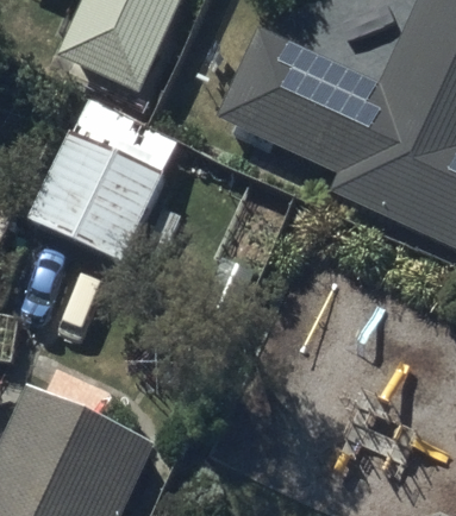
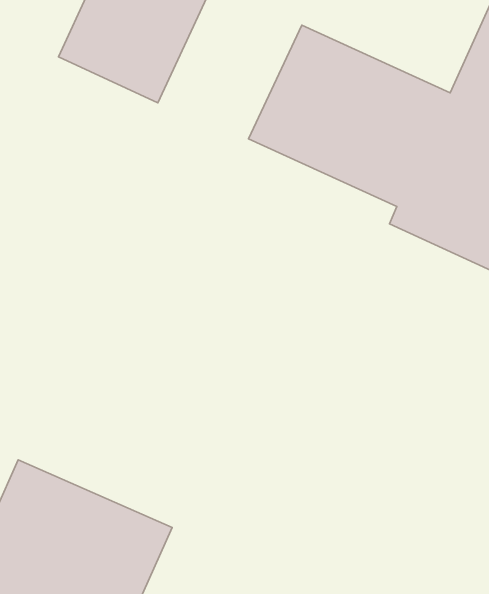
building: [35,112,173,258] -> none

